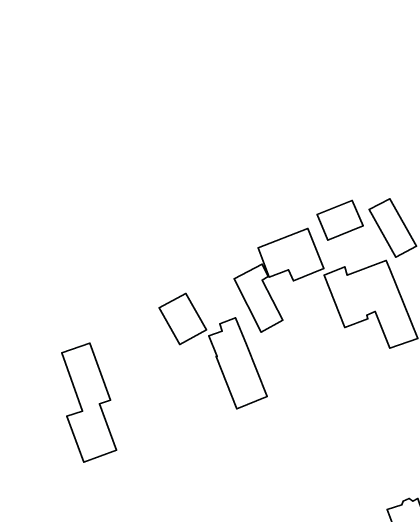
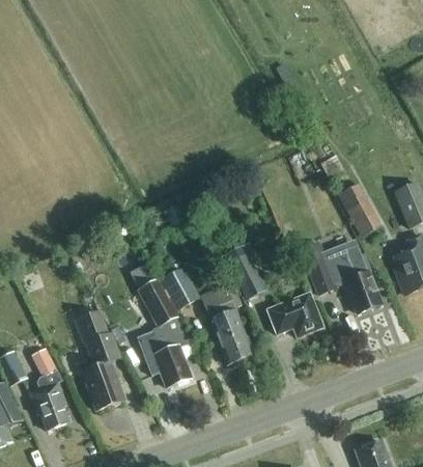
building: [317,200,363,240] -> none
building: [258,228,324,281] -> [267,292,323,336]
building: none -> [140,278,192,386]
building: none -> [30,347,68,429]

